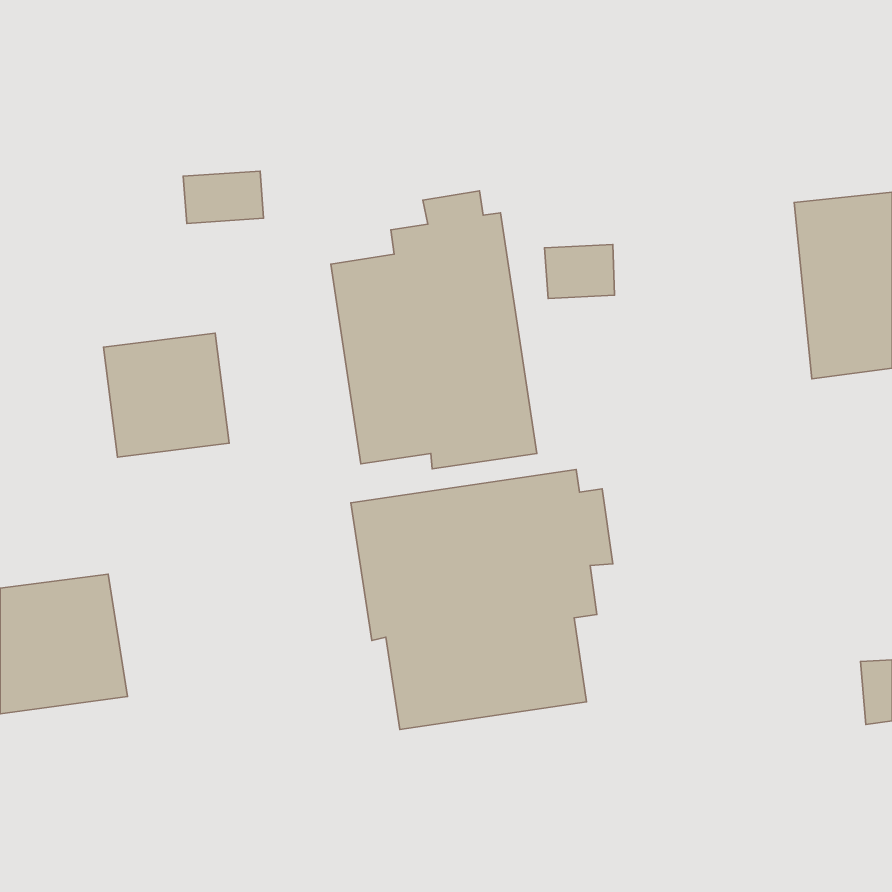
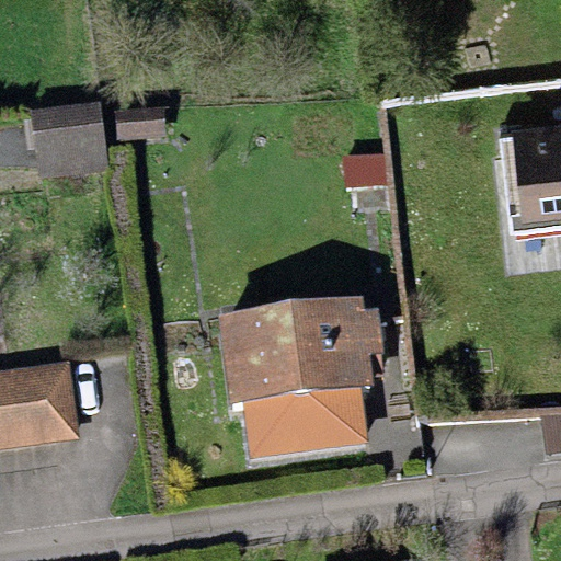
building: [331,191,537,469] -> none
building: [104,333,229,457] -> [30,101,108,179]

